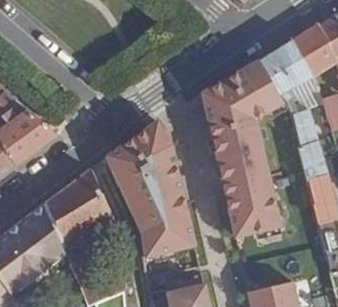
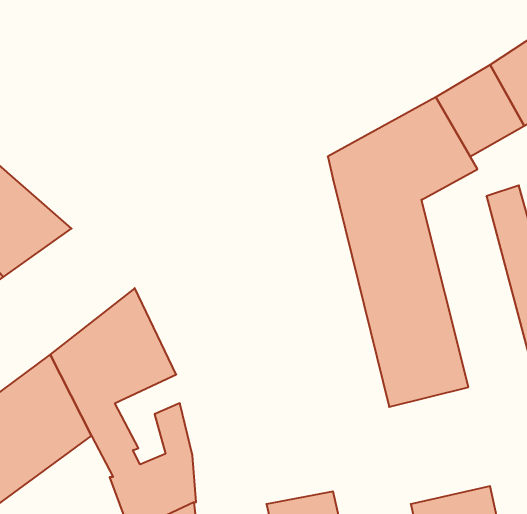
building: [107,121,195,255] -> none

